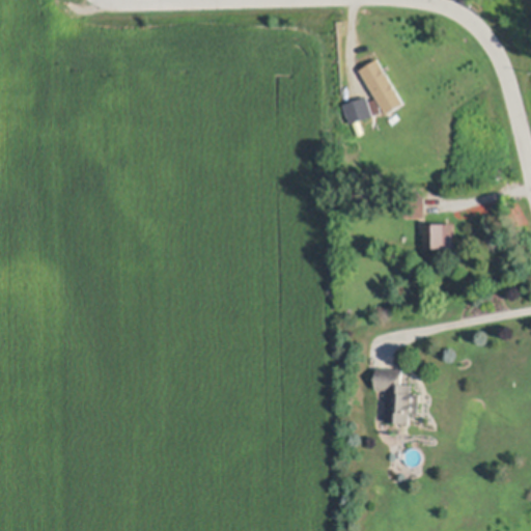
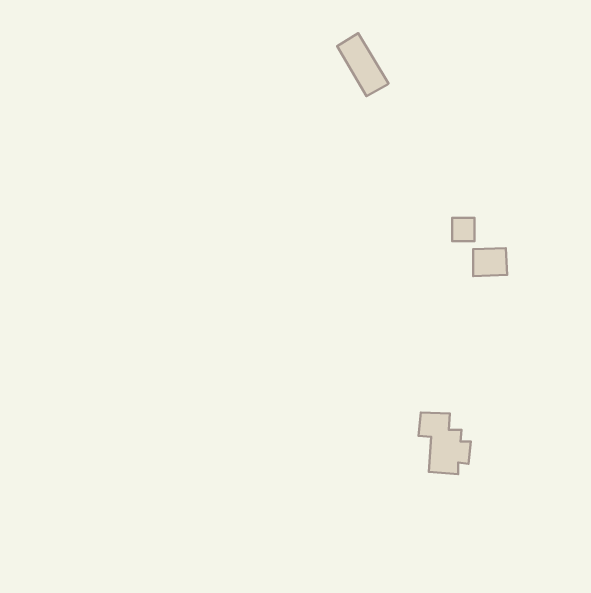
building: [358,59,403,115] -> [337,33,389,96]
building: [342,101,371,125] -> none

